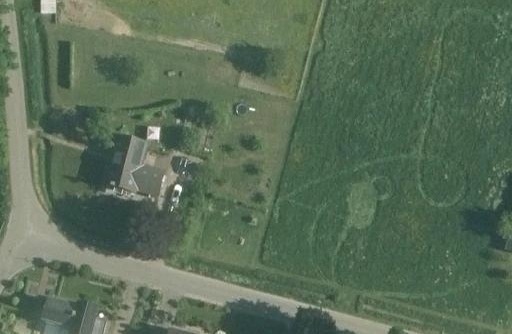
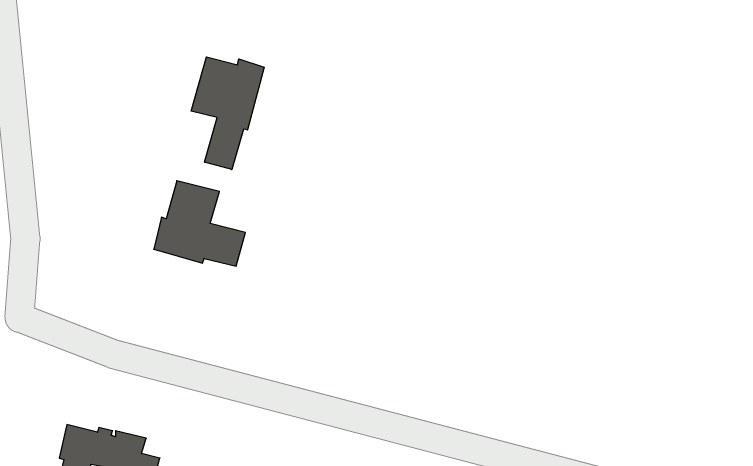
building: none -> [191,57,264,170]

